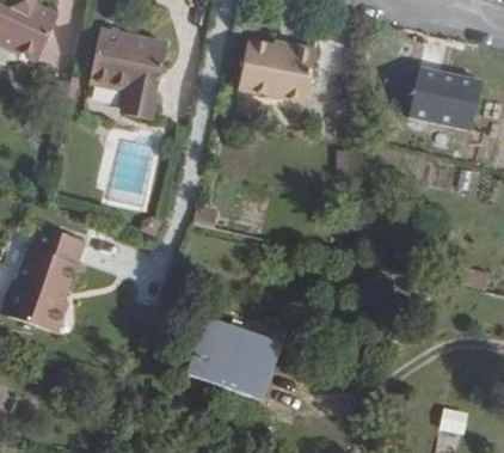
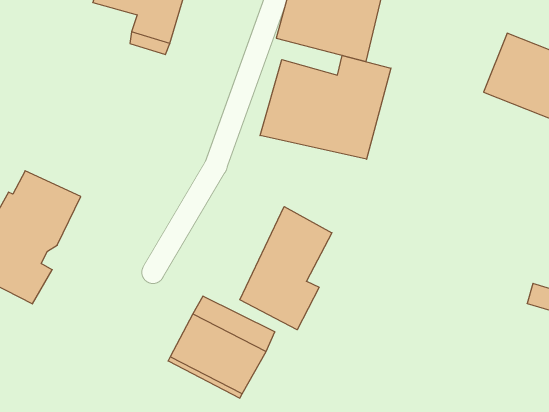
building: none -> [260,55,391,159]
building: none -> [240,207,332,330]

